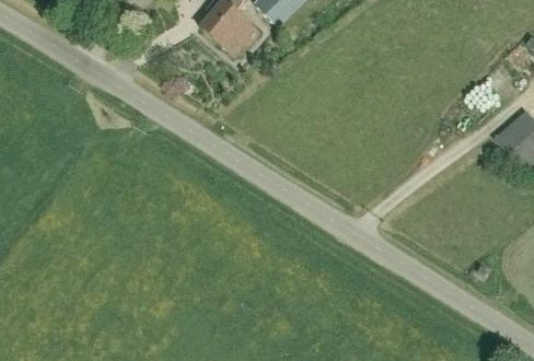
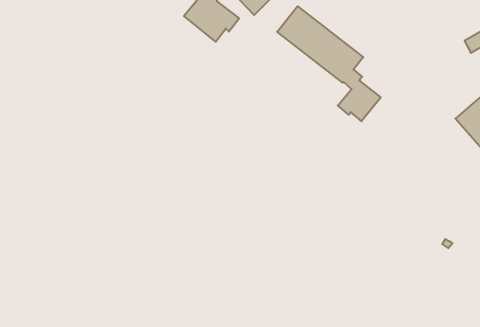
building: none -> [277,6,381,121]

